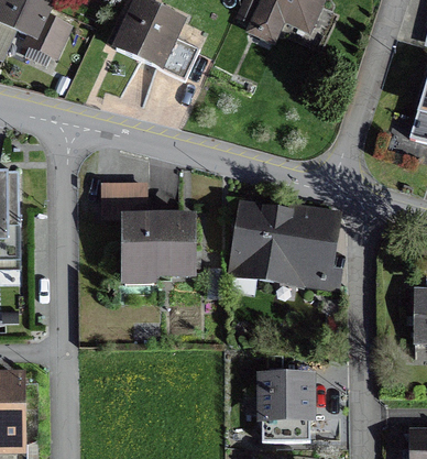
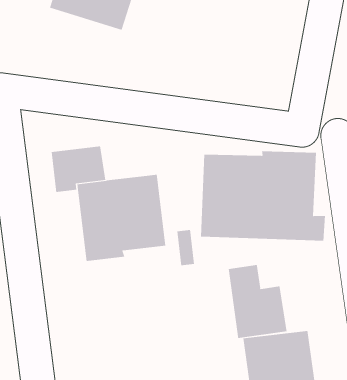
building: none -> [228,264,287,339]

